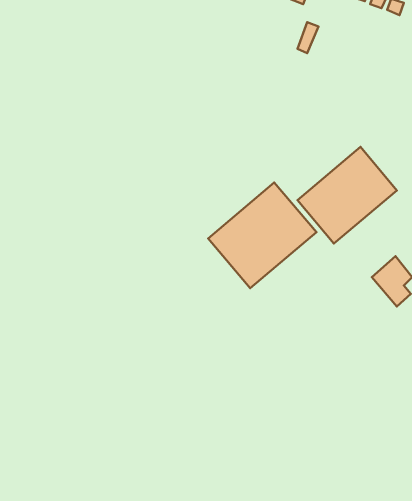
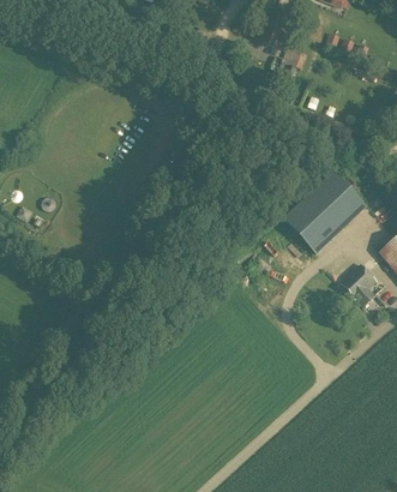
building: [208,183,316,288] -> none

